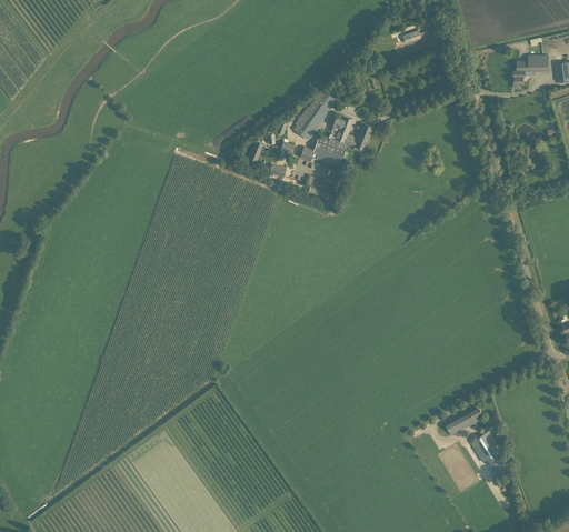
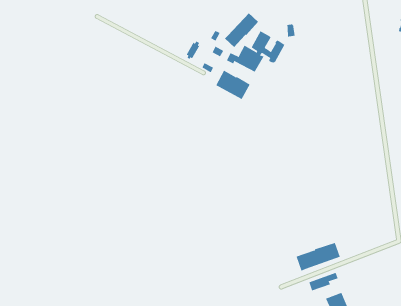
building: none -> [215,70,250,100]
building: none -> [296,242,341,271]

